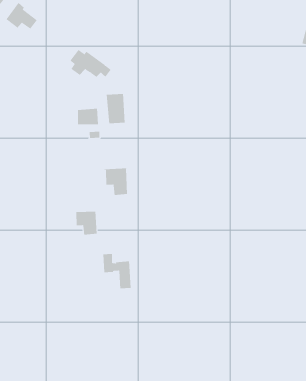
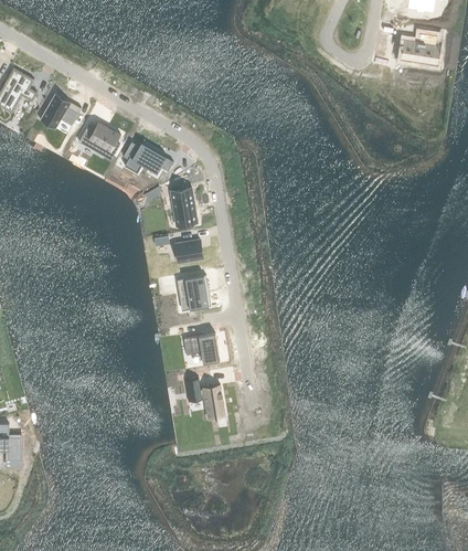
building: none -> [77,121,119,153]
building: [77,108,99,125] -> [174,240,202,262]
building: [76,211,98,235] -> [190,333,219,363]

